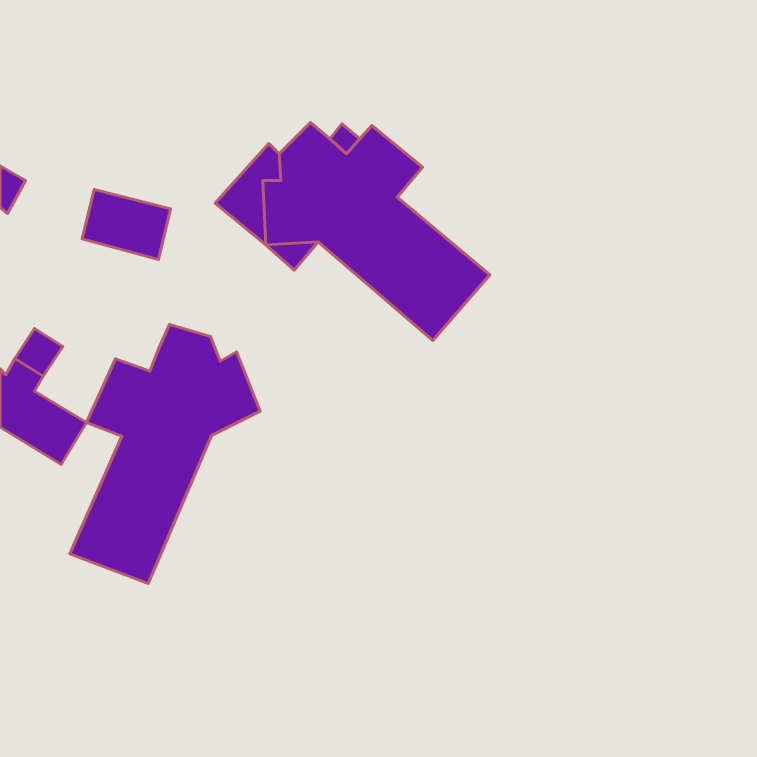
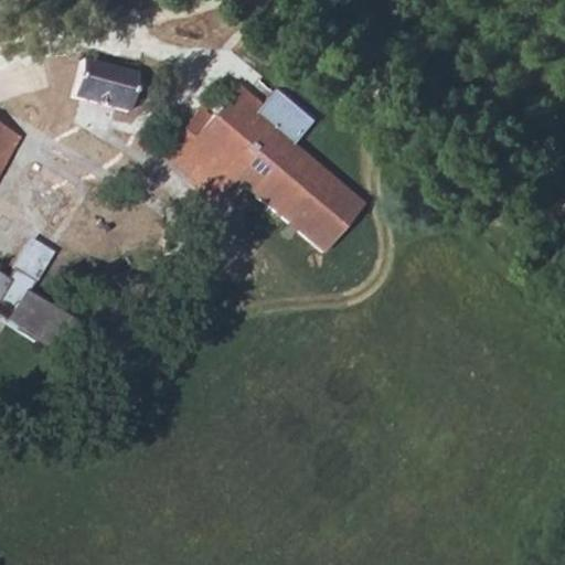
building: [82,189,170,260] -> [73,57,138,109]
building: [70,324,260,583] -> none

